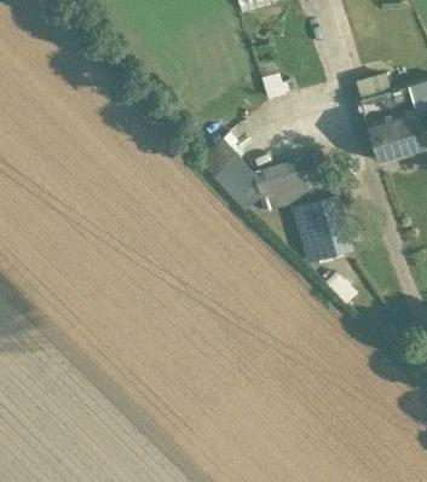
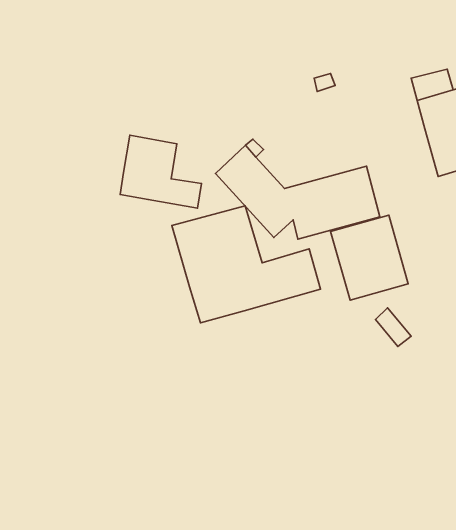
building: none -> [120,135,202,208]
building: none -> [172,206,320,323]

